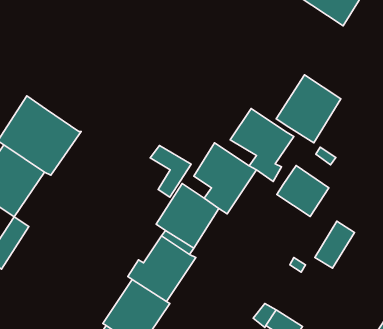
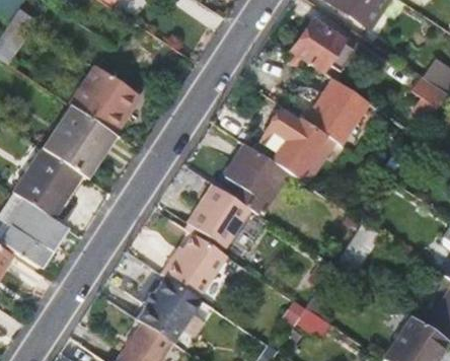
building: none -> [290,20,353,72]
building: none -> [82,74,139,134]
building: [150,145,191,197] -> none
building: [277,165,329,217] -> none

